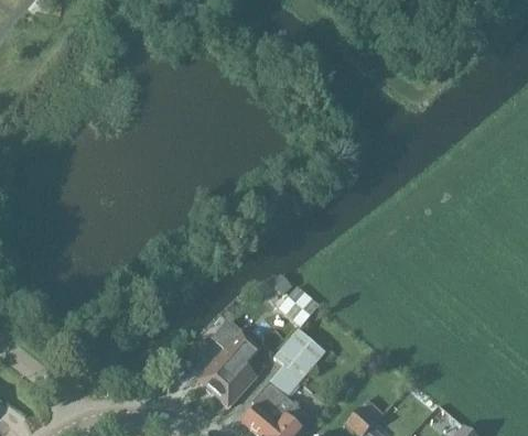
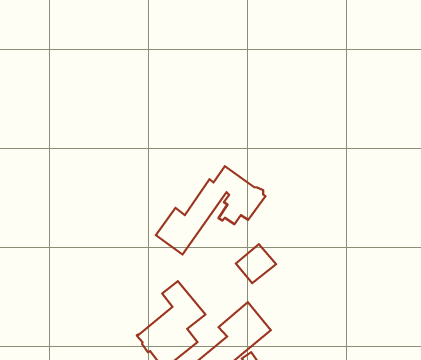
building: none -> [156,166,266,255]

